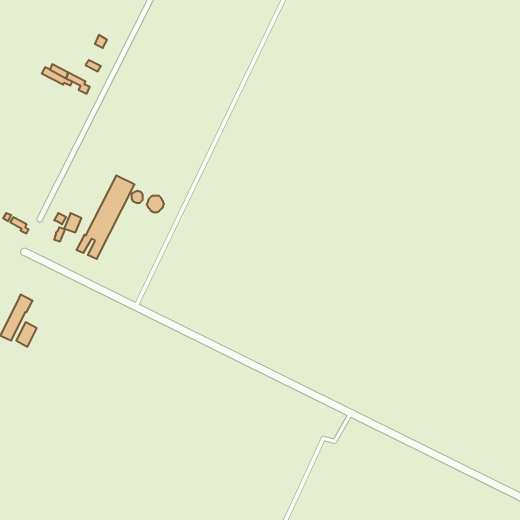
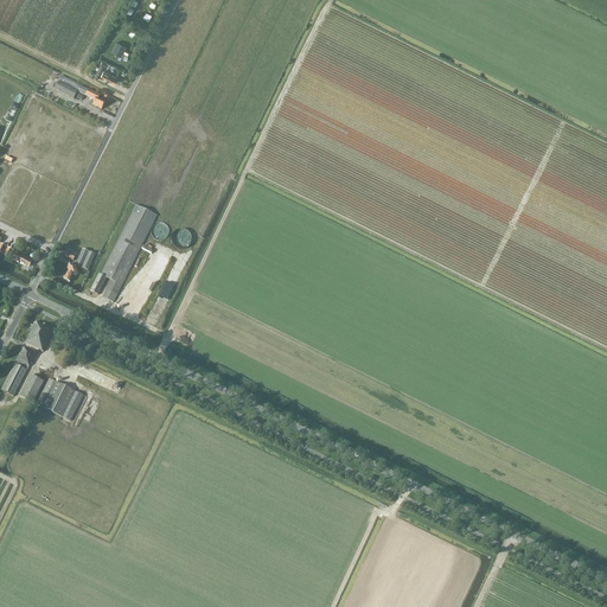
building: none -> [25,321,55,351]
building: none -> [38,378,84,420]

